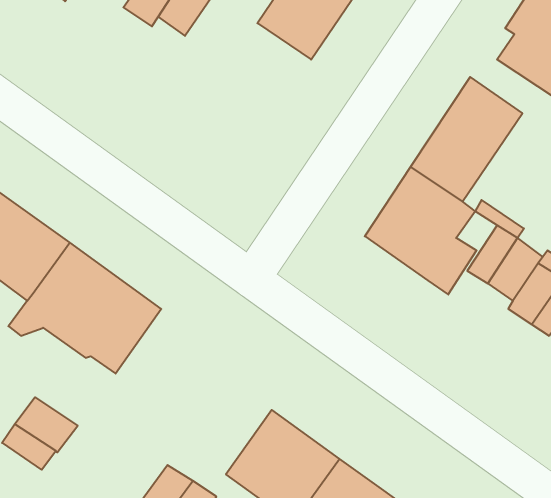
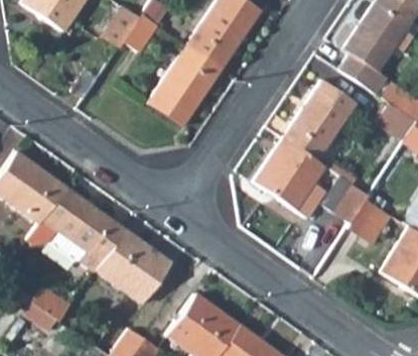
building: none -> [148,46,222,127]
building: none -> [97,229,172,304]

